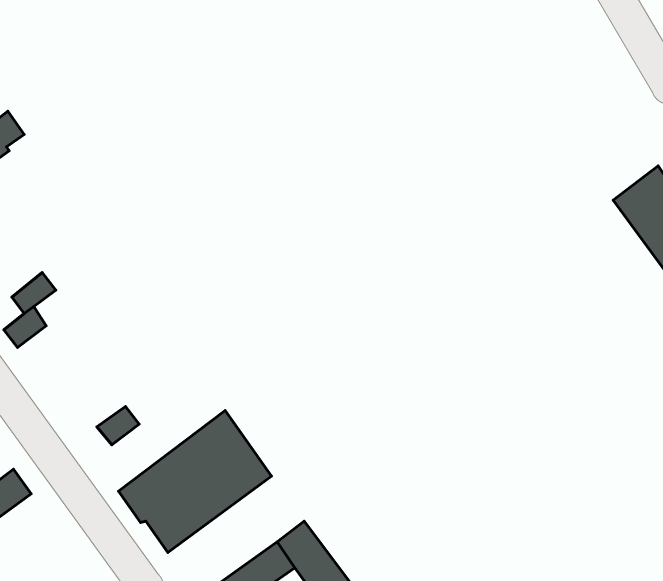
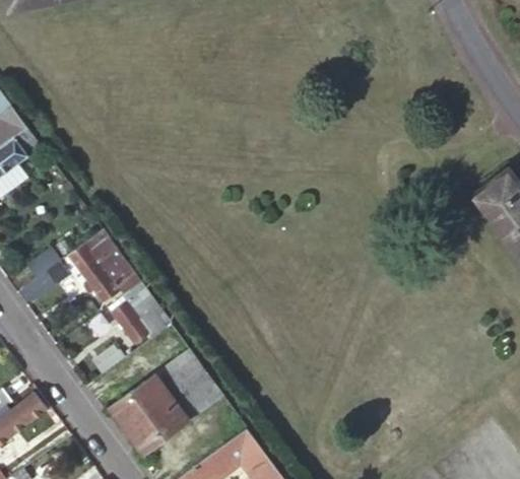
building: none -> [69,240,138,301]
building: none -> [112,299,166,342]

